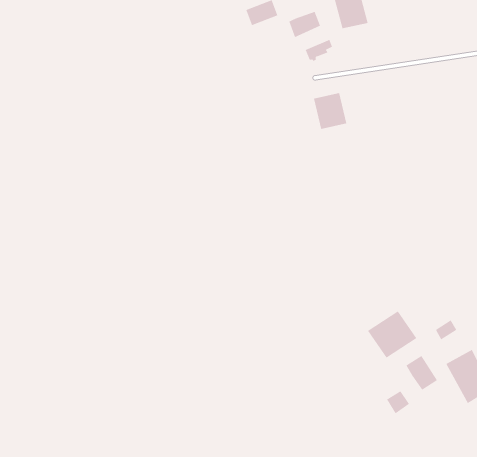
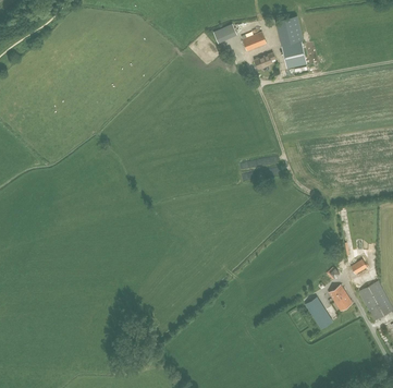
building: [313,92,347,129] -> [282,41,307,69]
building: [367,311,417,358] -> none

